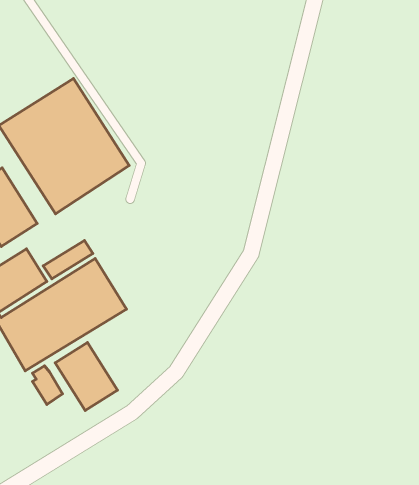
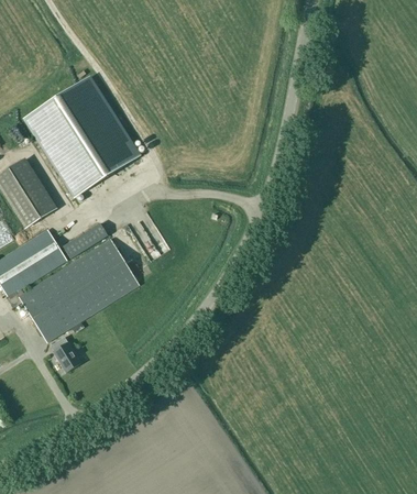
building: [55,342,118,410] -> none

